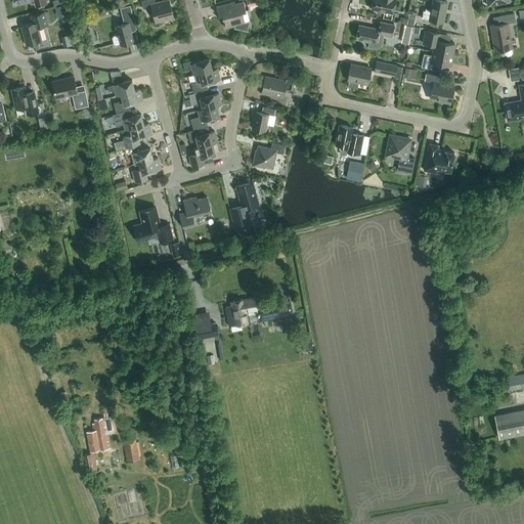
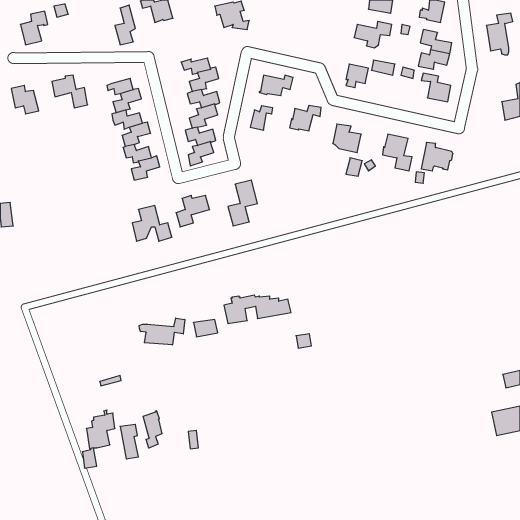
building: [253,142,285,168] -> [290,105,321,131]
building: none -> [139,318,185,345]
building: none -> [143,411,162,448]

